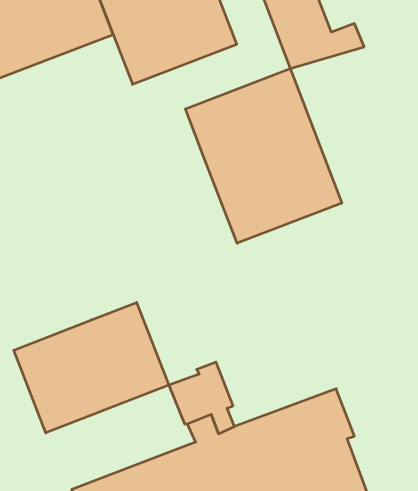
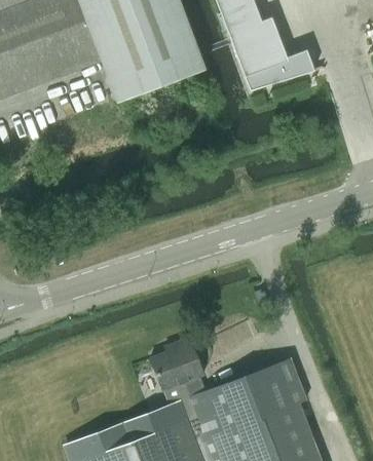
building: [186,69,342,243] -> none
building: [14,302,169,433] -> none

